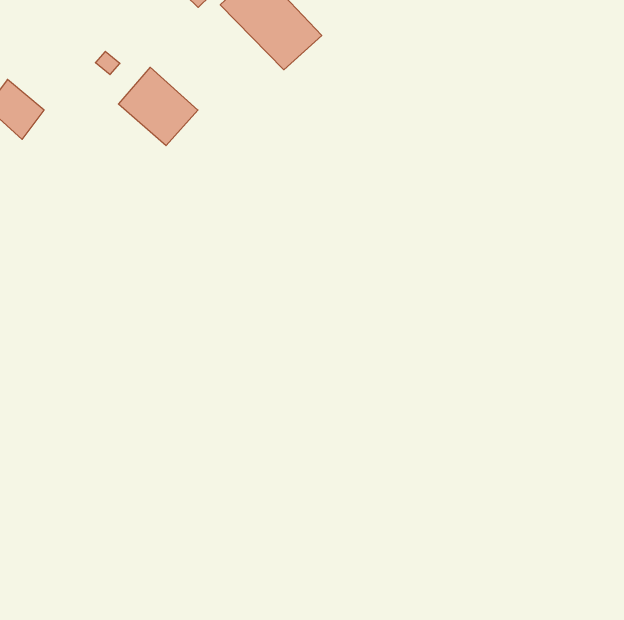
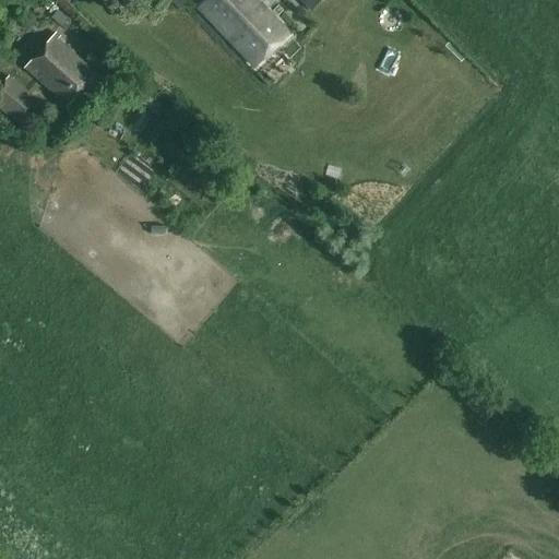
building: [118,67,198,146] -> [23,33,94,103]

